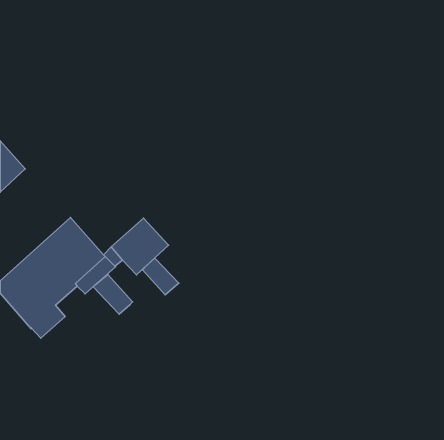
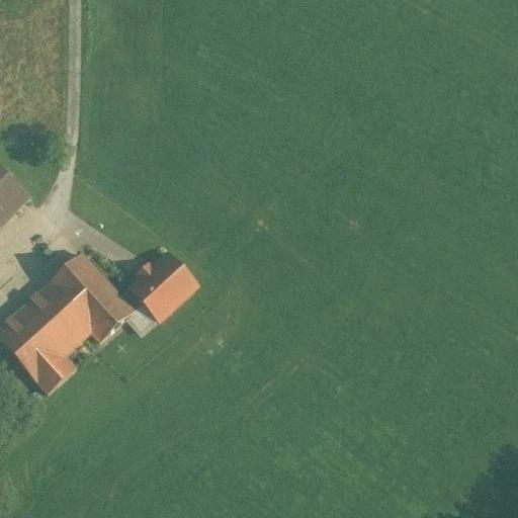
building: [142,258,179,295] -> none
building: [93,274,133,314] -> none

